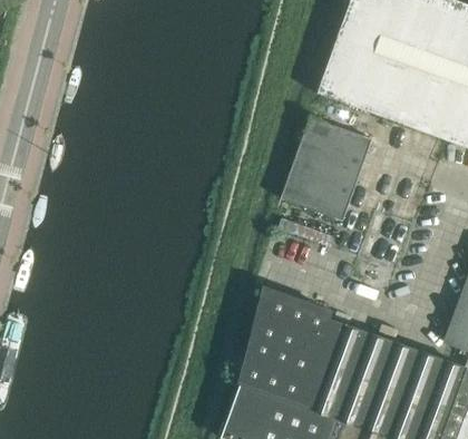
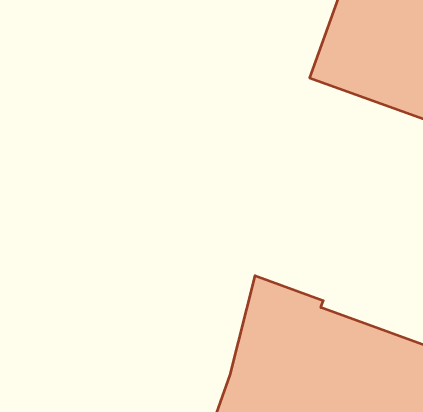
building: [281,117,372,222] -> none

